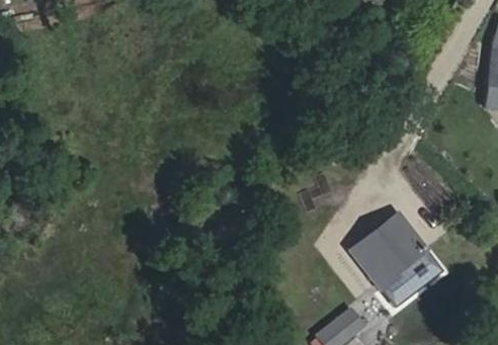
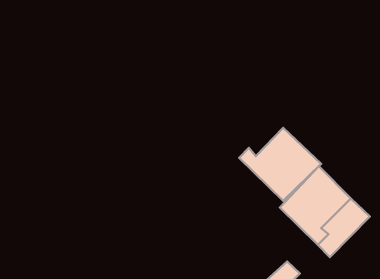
building: none -> [239,128,321,201]

